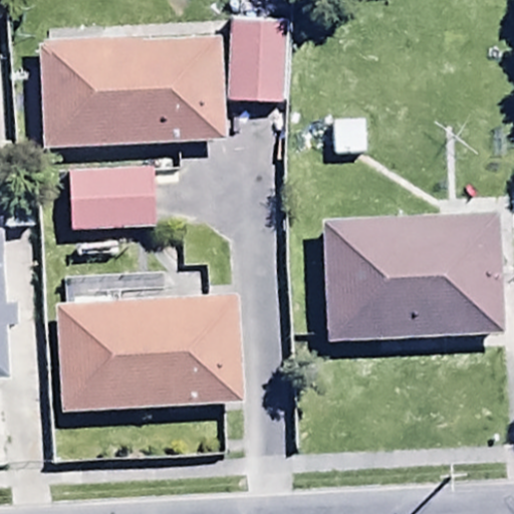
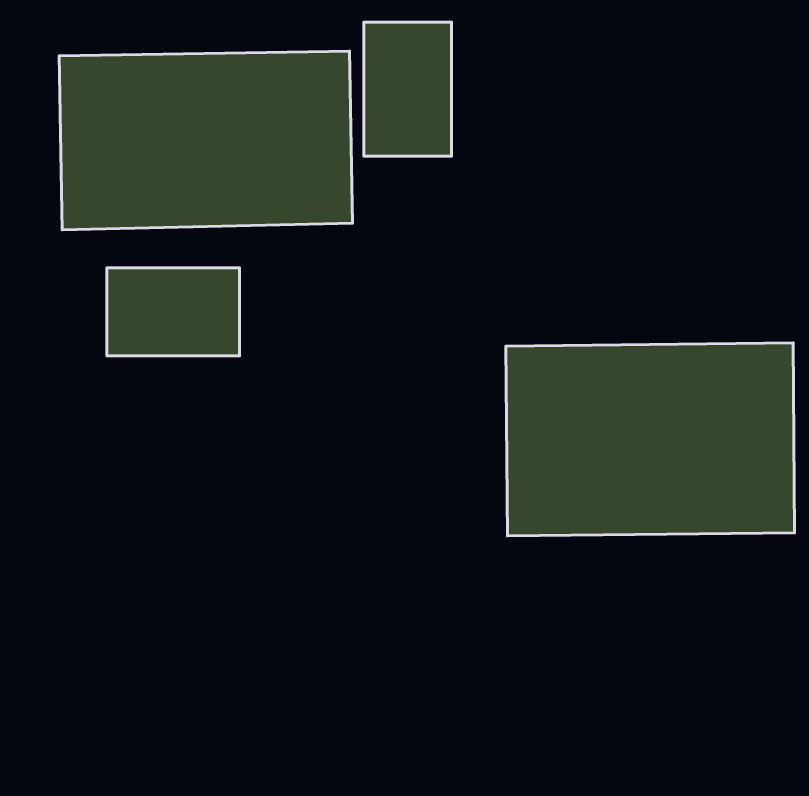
building: [53,300,245,412] -> none

